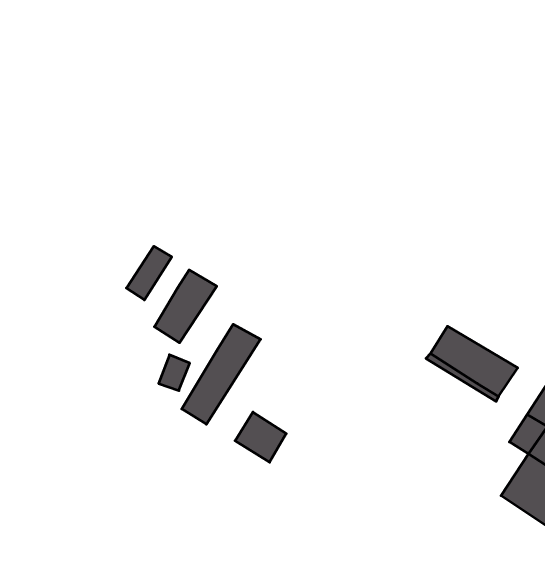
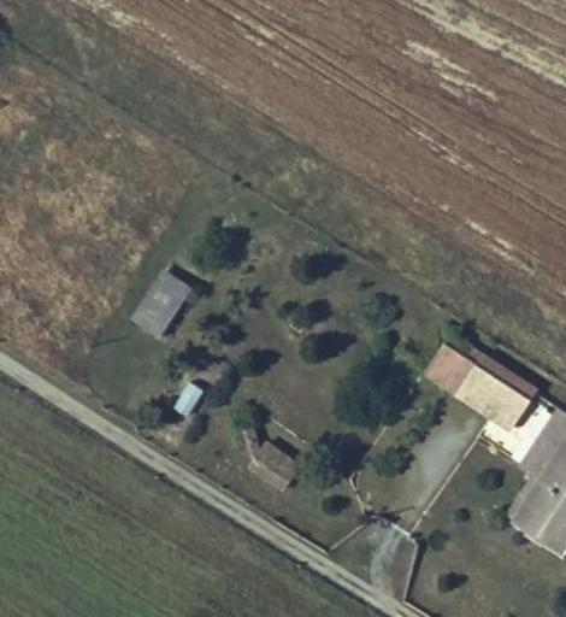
building: [154,270,217,343] -> none
building: [182,324,261,424] -> none

